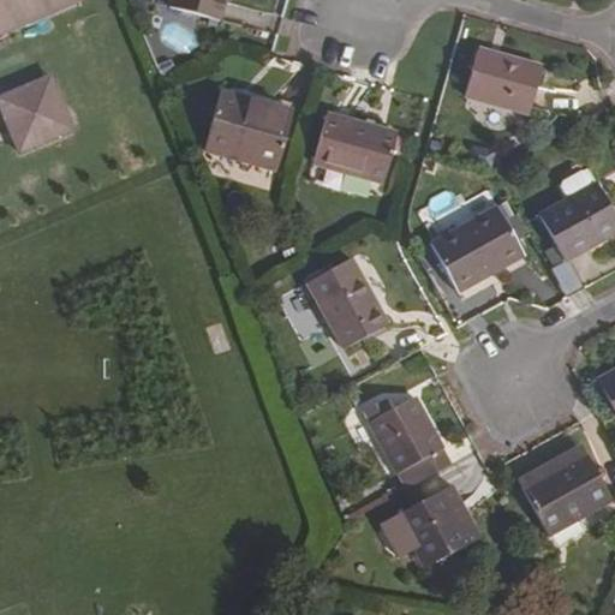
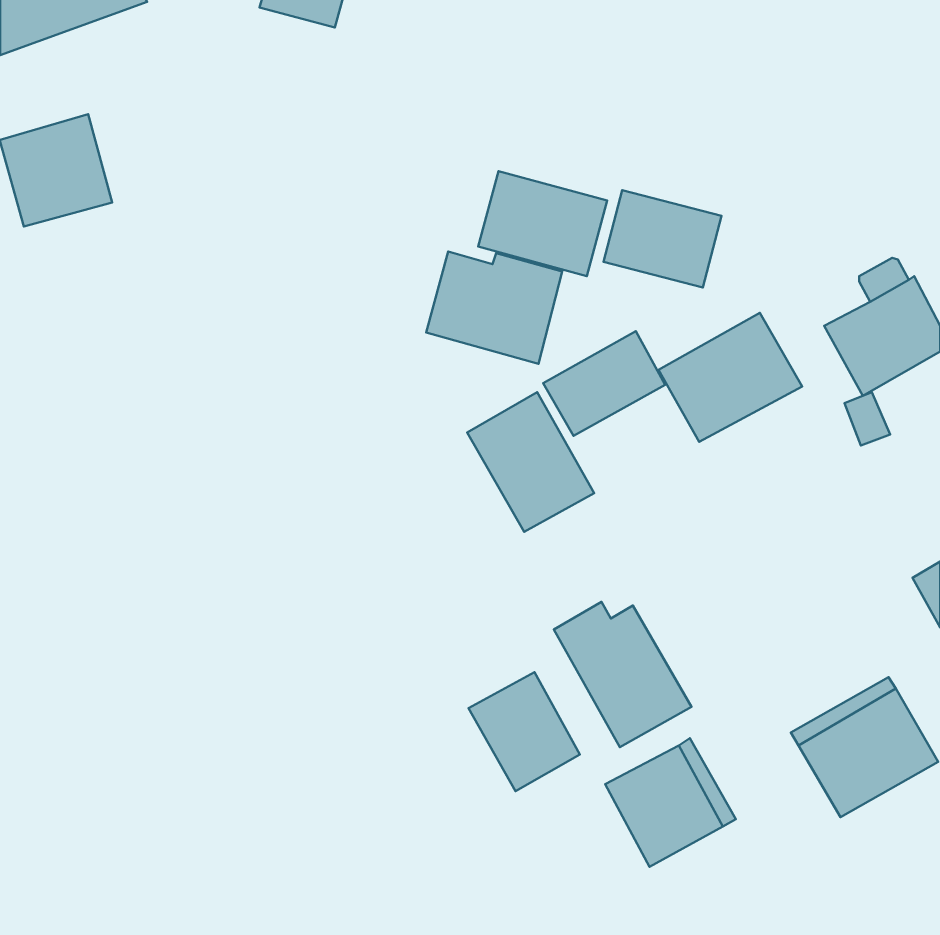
building: [465,47,542,111] -> [604,190,721,288]
building: [204,95,293,168] -> [426,251,562,364]
building: none -> [543,331,665,436]
building: none -> [469,672,580,791]

